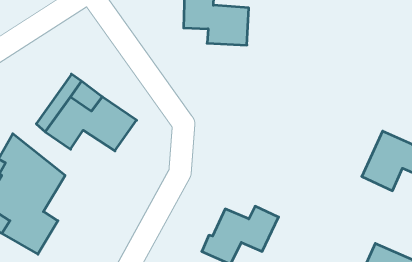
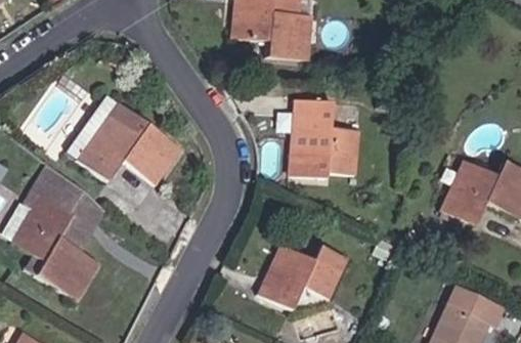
building: none -> [294,103,355,183]

